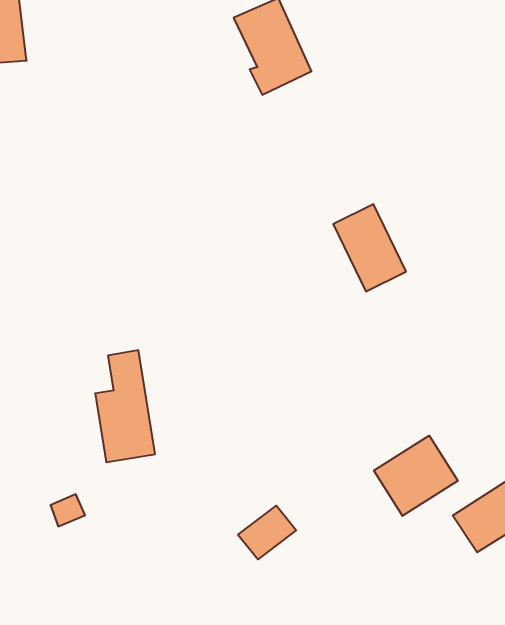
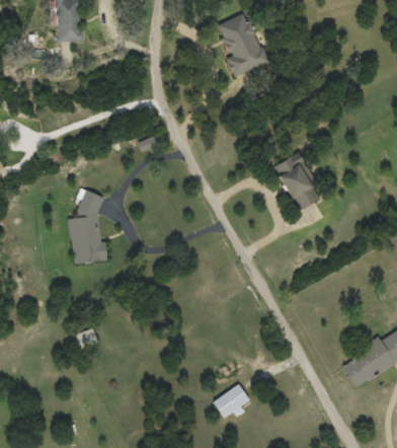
building: [95,350,155,462] -> [67,192,103,264]
building: [374,436,458,516] -> none
building: [238,506,296,559] -> [212,384,250,419]

